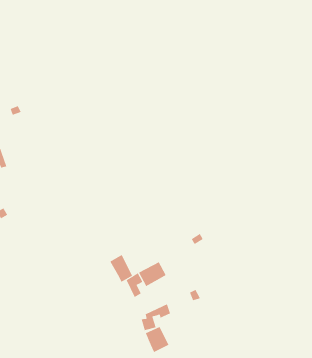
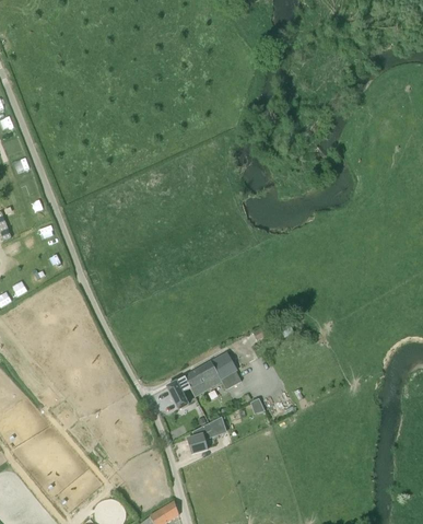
building: [110,254,133,282] -> [210,352,240,389]
building: [145,326,169,353] -> none

